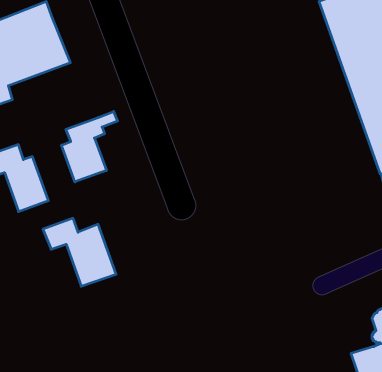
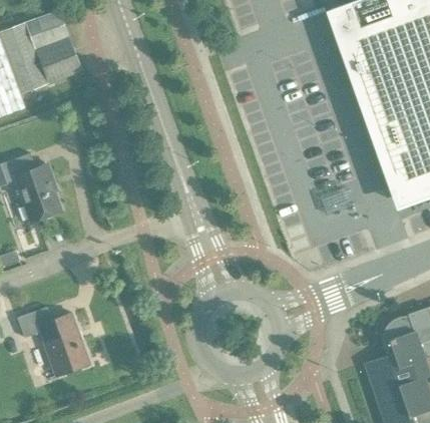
building: [62,111,118,182] -> none
building: [43,218,116,286] -> [17,307,90,375]

